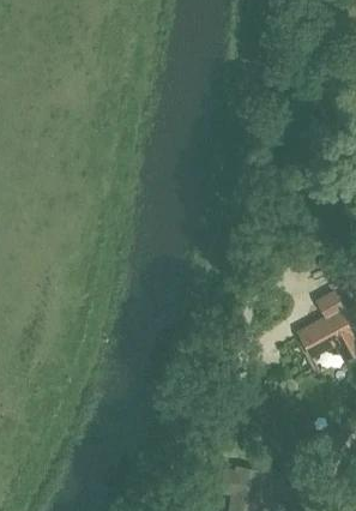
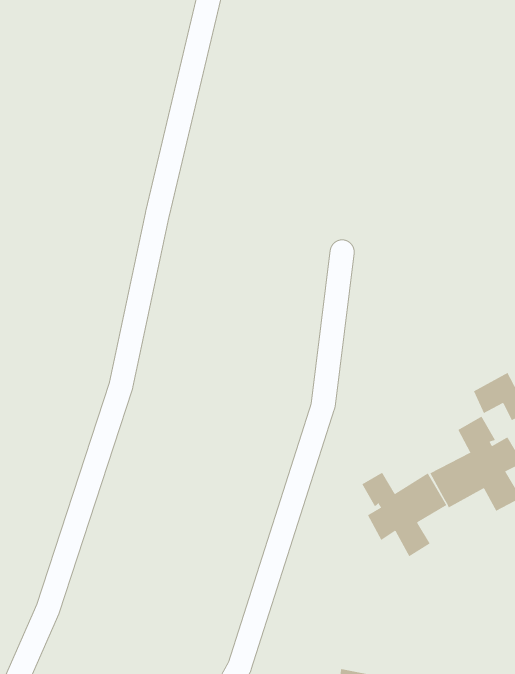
building: none -> [361,472,447,557]

